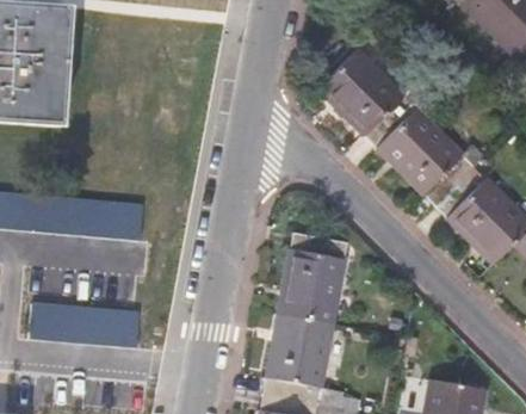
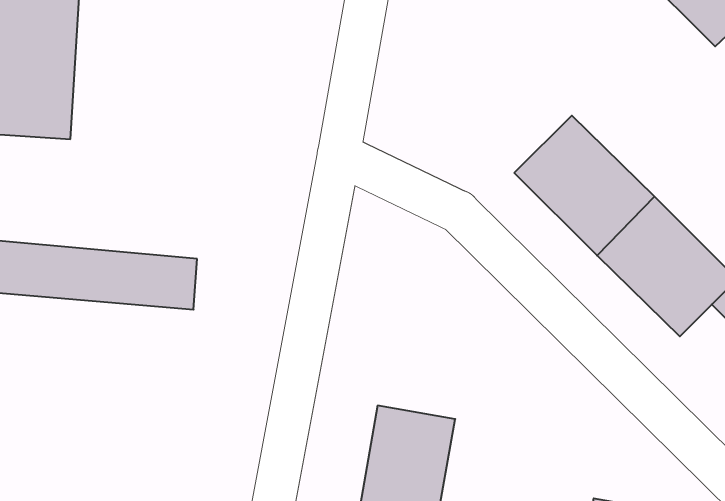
building: [315,47,415,147] -> none
building: [278,230,347,321] -> none
building: [37,305,147,348] -> none

